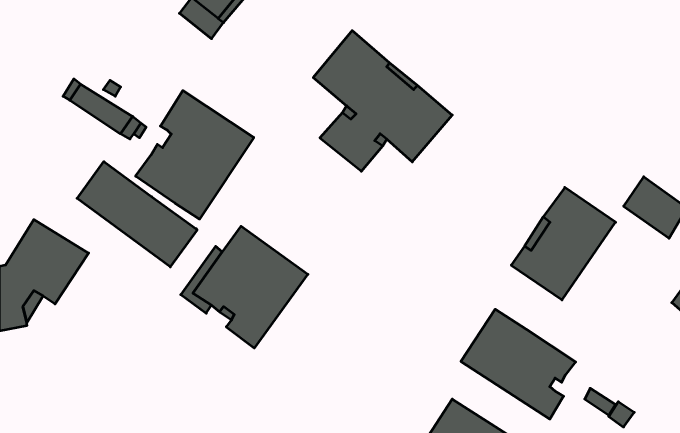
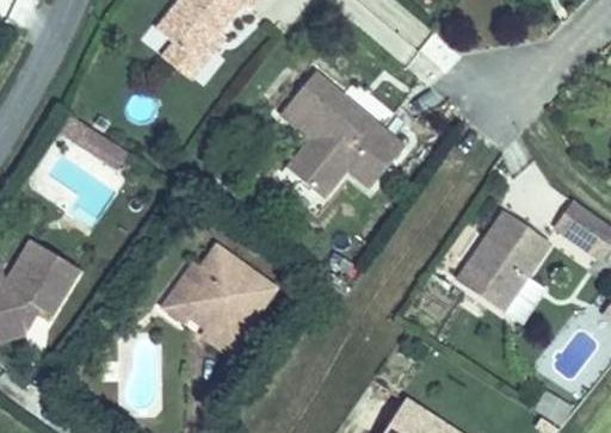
building: [136,91,254,219] -> none
building: [77,162,197,267] -> none
building: [461,309,576,419] -> none

